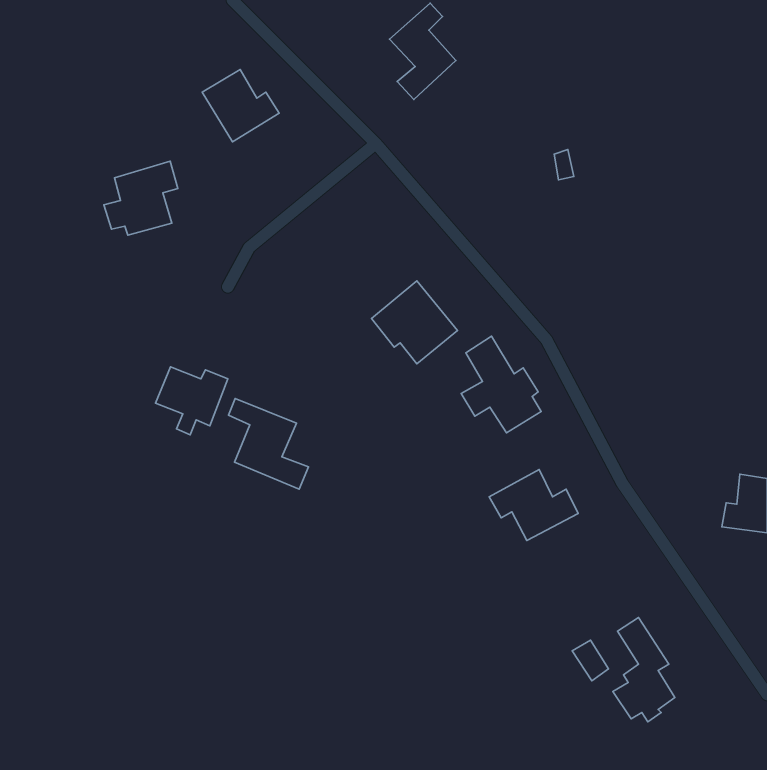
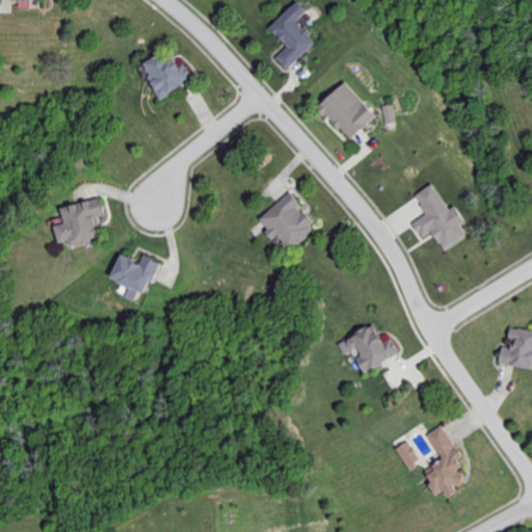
building: none -> [316,81,374,140]
building: [104,161,178,235] -> [52,196,103,247]
building: [461,336,541,433] -> [410,184,466,250]
building: [229,399,309,489] -> none

